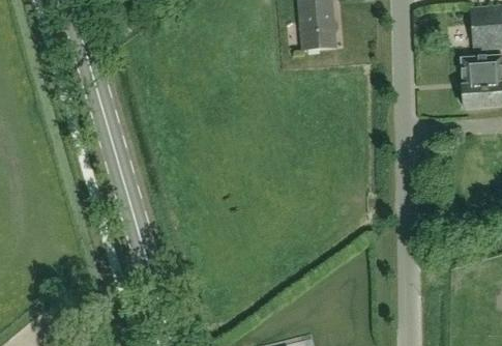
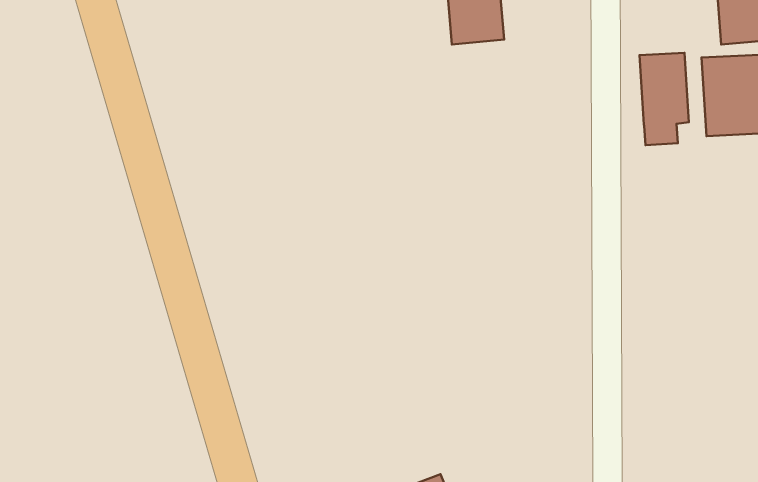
building: none -> [640,53,689,145]

